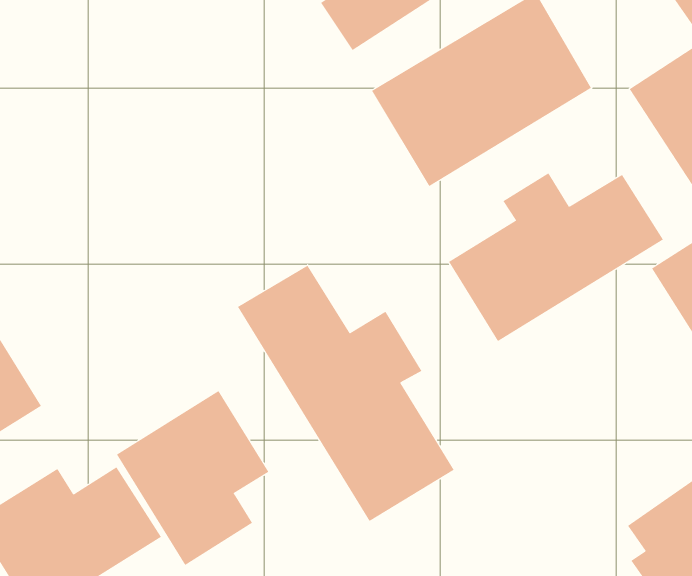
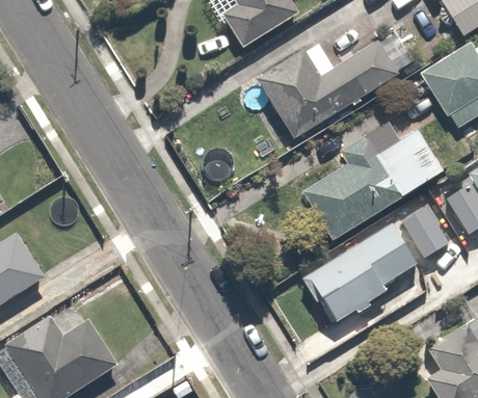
building: [237,265,454,522] -> none
building: none -> [307,204,450,320]
building: [116,390,269,566] -> none

